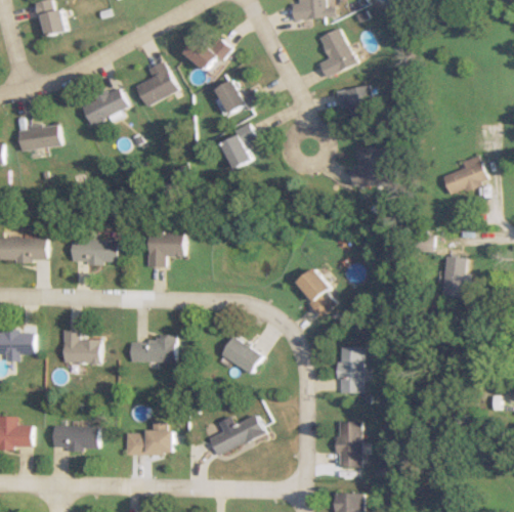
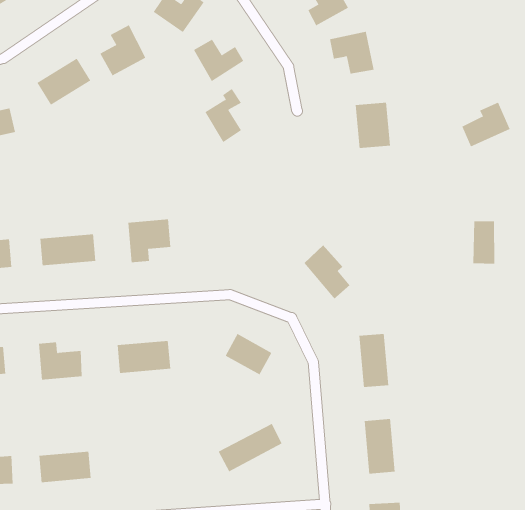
building: [125,430,174,455] -> none

